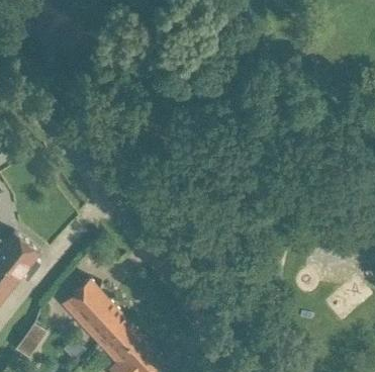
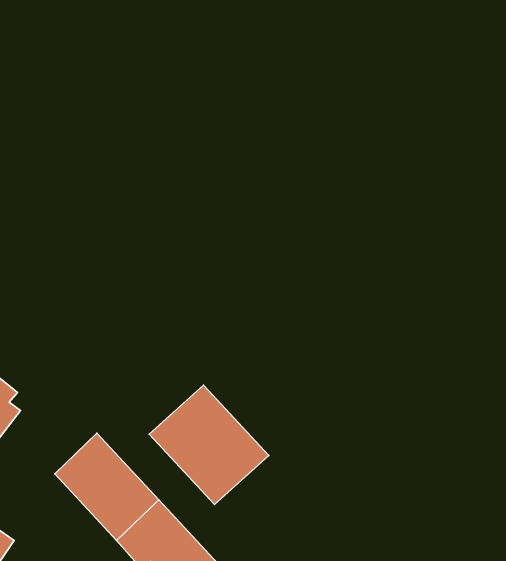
building: none -> [149,385,269,505]

